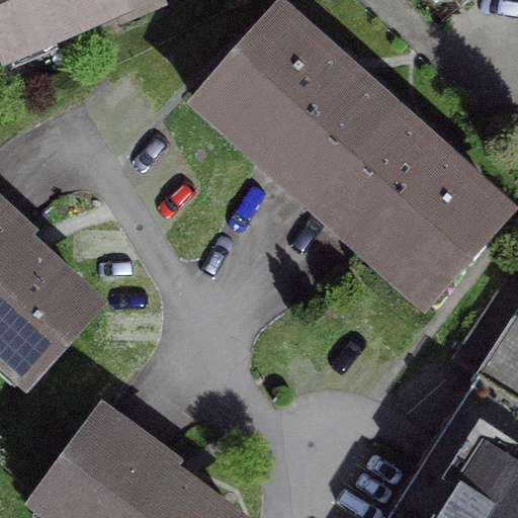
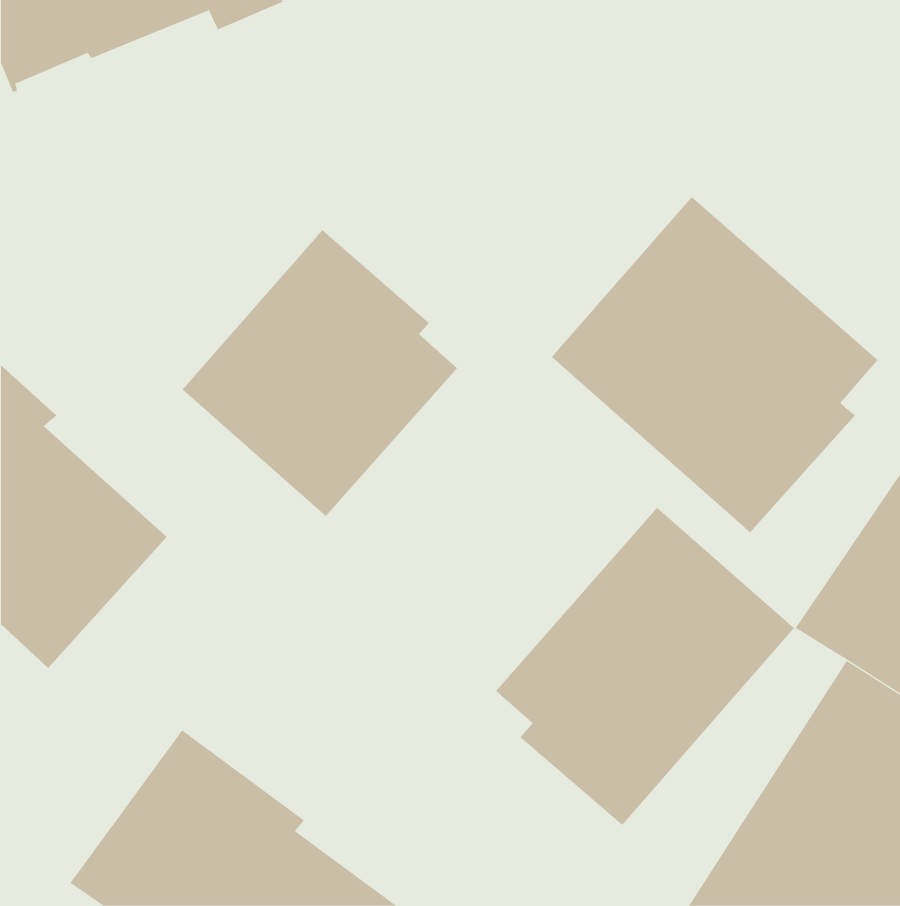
building: [202,15,400,203] -> none
building: none -> [182,229,458,517]
building: none -> [495,507,795,826]

